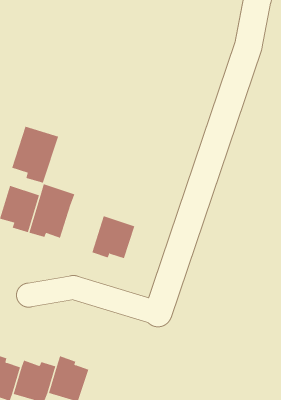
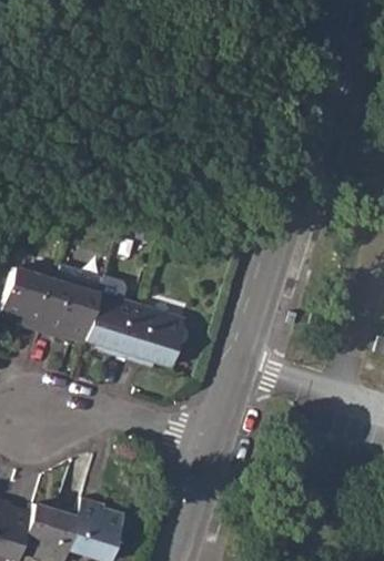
building: [12,126,59,184] -> none
building: none -> [83,293,141,357]

